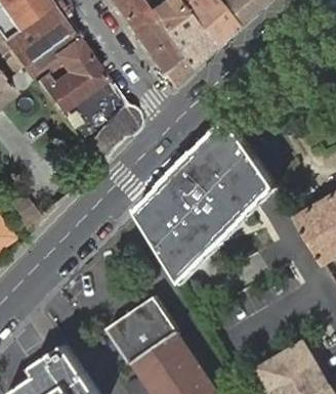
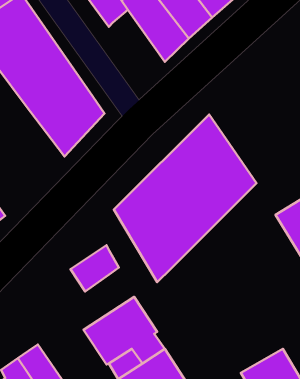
building: [137,18,192,86] -> none
building: none -> [71,245,119,291]

